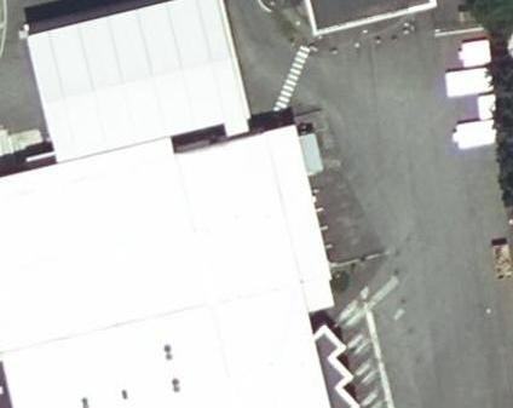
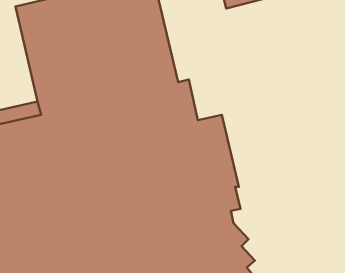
building: [261,127,306,190] -> none

